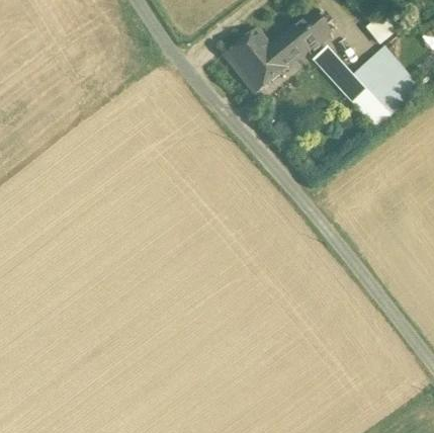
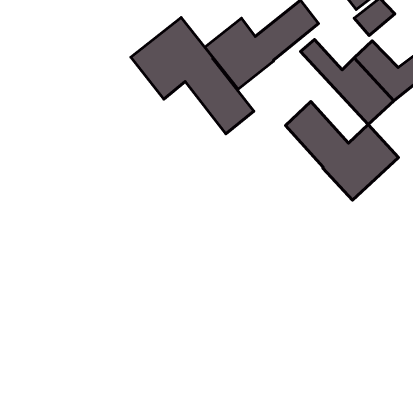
building: none -> [131,18,254,134]
building: none -> [285,102,399,200]

